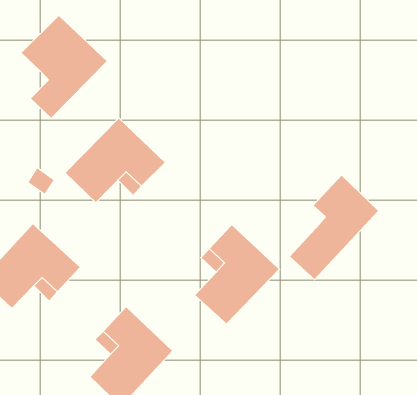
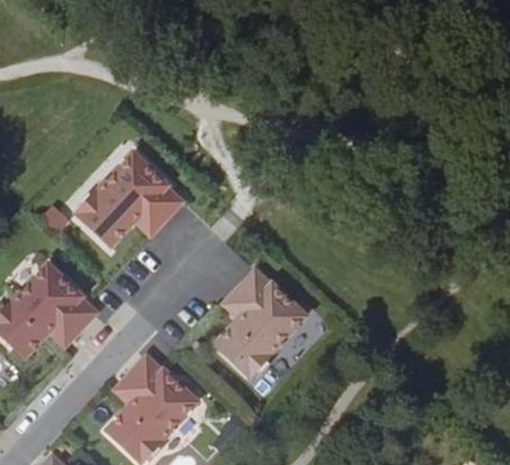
building: [21,15,108,119] -> none
building: [289,175,379,280] -> none

